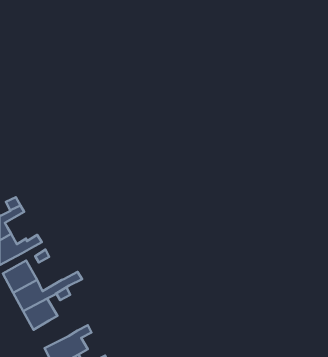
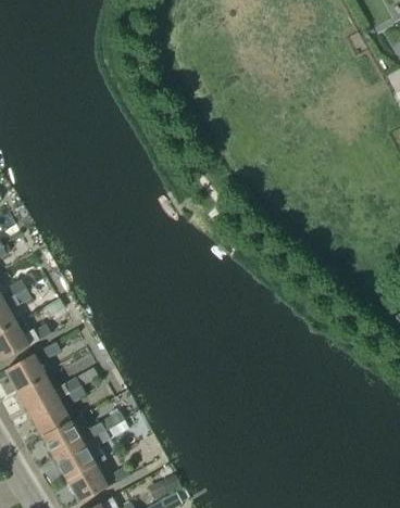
building: none -> [40,410,123,457]

